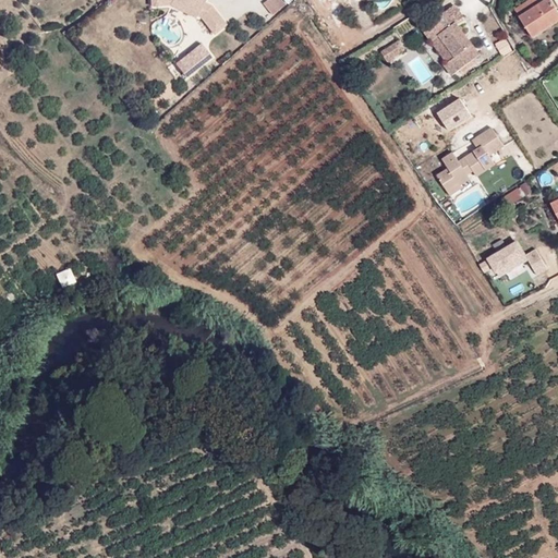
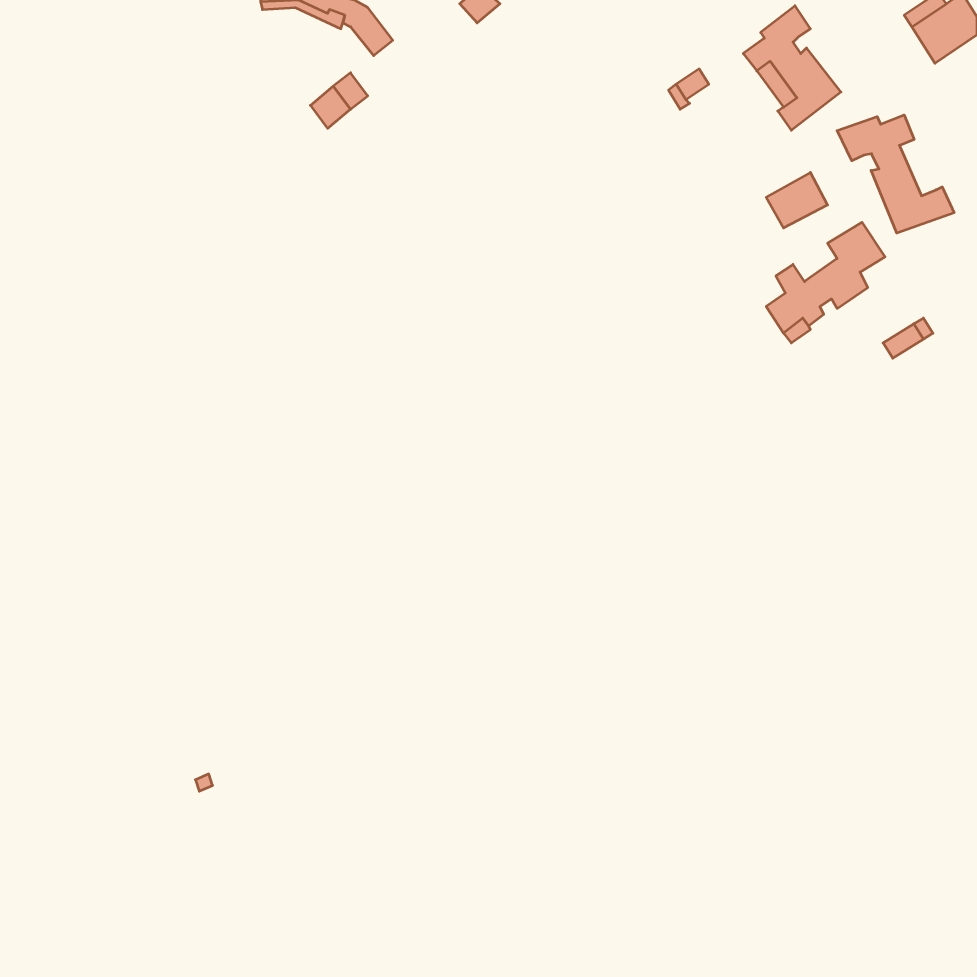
building: none -> [837,115,954,233]
building: [487,246,550,281] -> none

